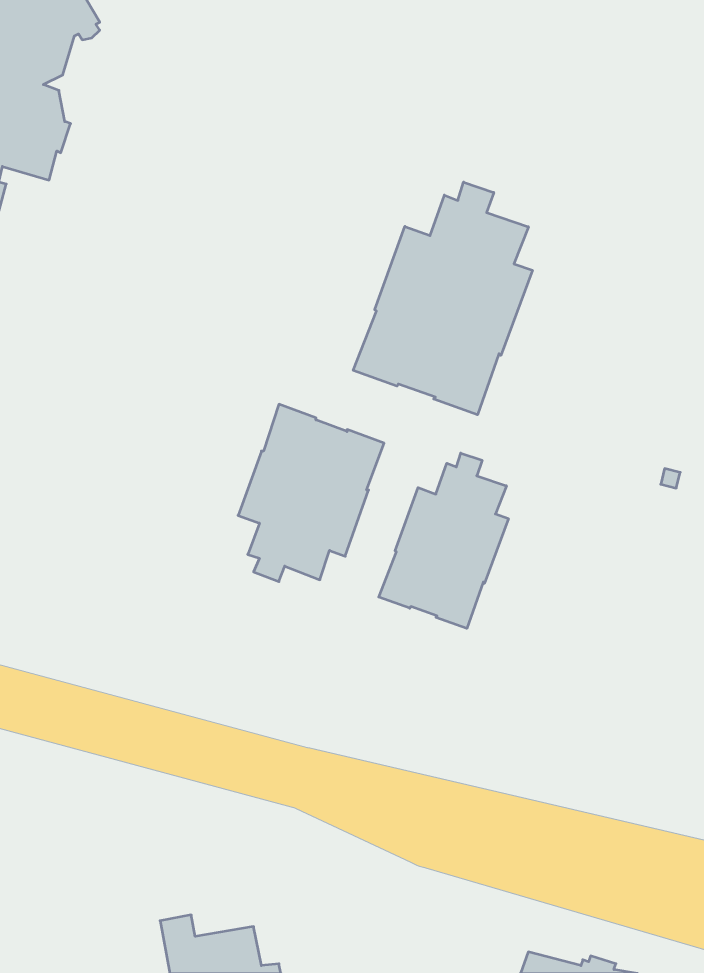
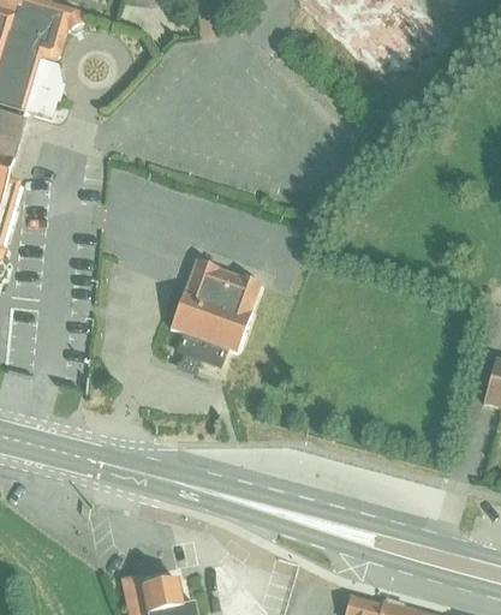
building: [353,182,532,415] -> none
building: [379,453,508,628] -> none

